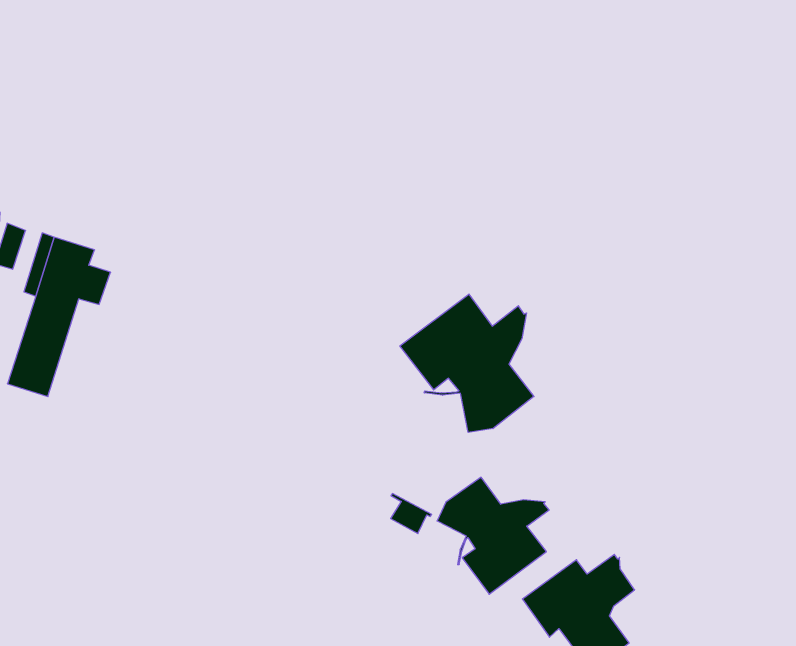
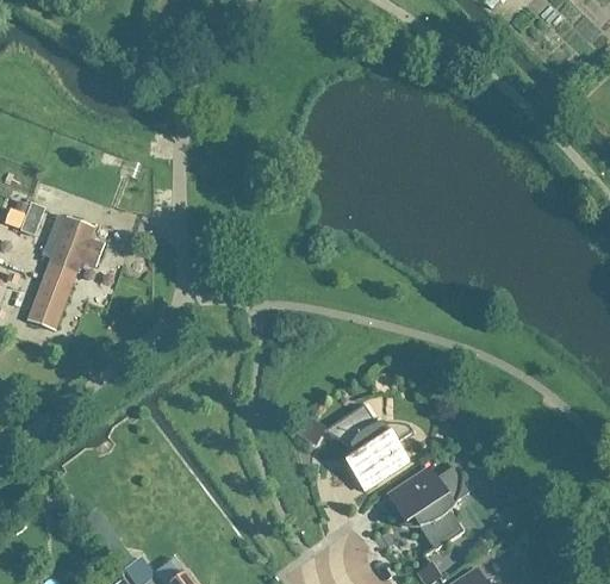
building: [400,294,534,432] -> none

